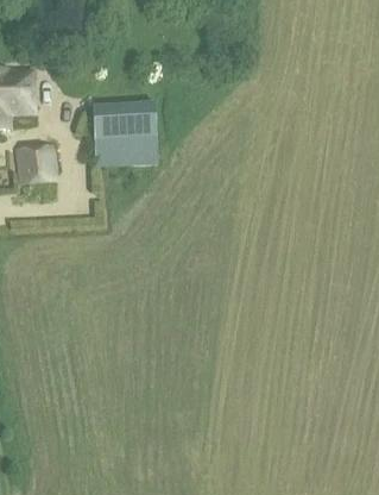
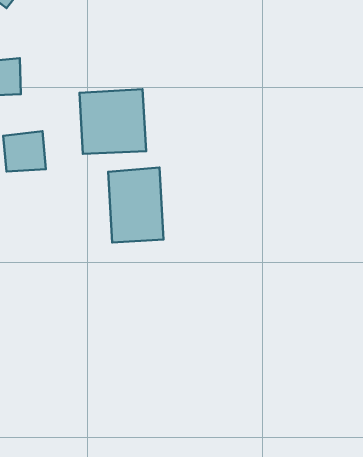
building: none -> [108,167,164,243]

